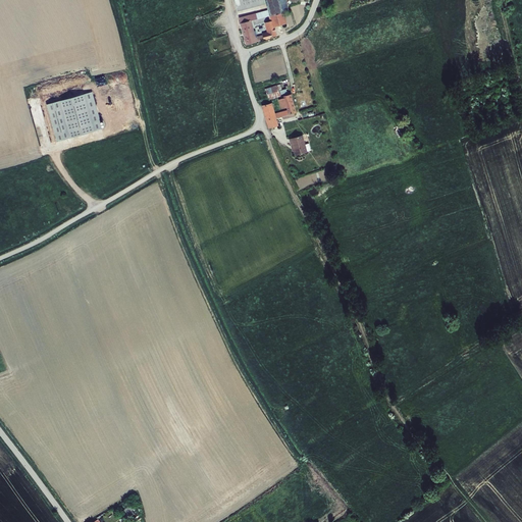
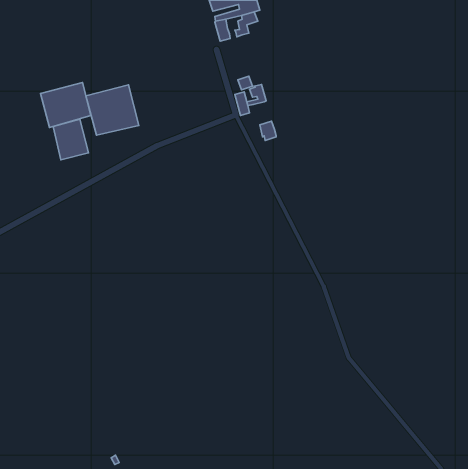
building: none -> [86,85,139,135]
building: none -> [53,119,88,160]

